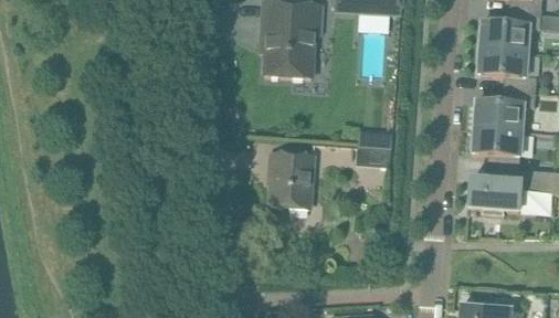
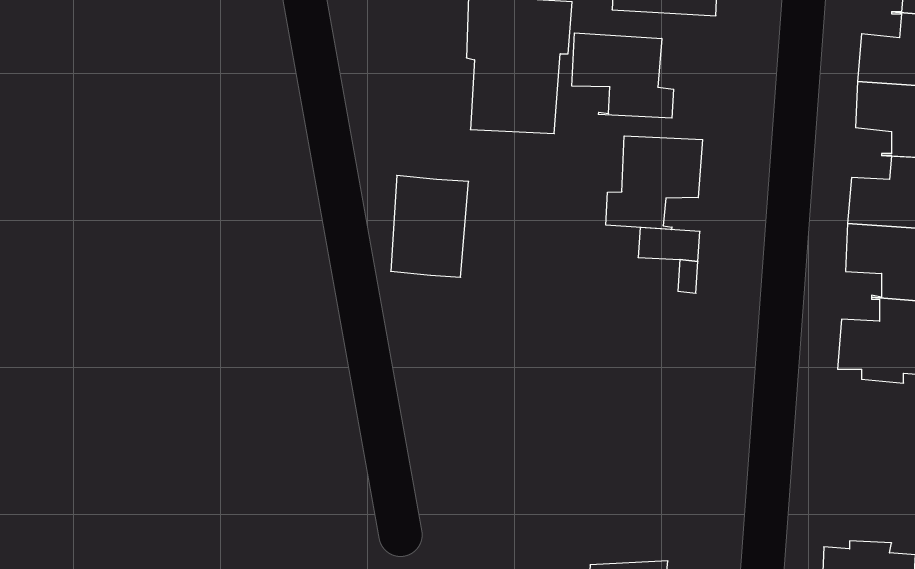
building: none -> [572,33,674,118]
building: none -> [606,136,703,230]
building: [271,150,314,206] -> [391,175,469,277]

